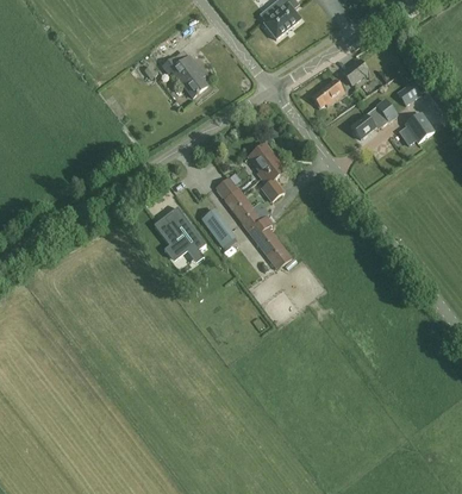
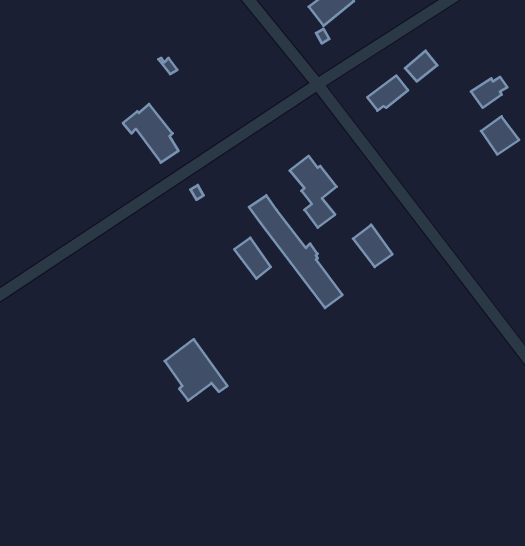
building: [161,49,206,96] -> [123,104,178,163]
building: [350,99,395,138] -> none
building: none -> [353,225,392,267]
building: [155,207,206,257] -> [165,339,227,401]

